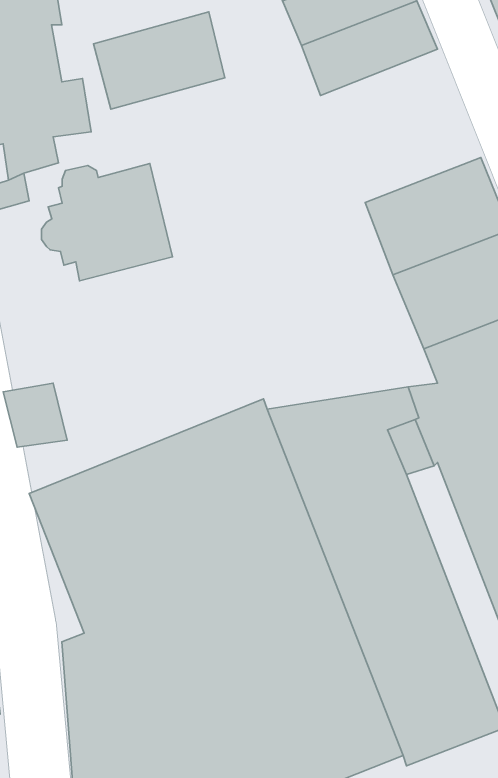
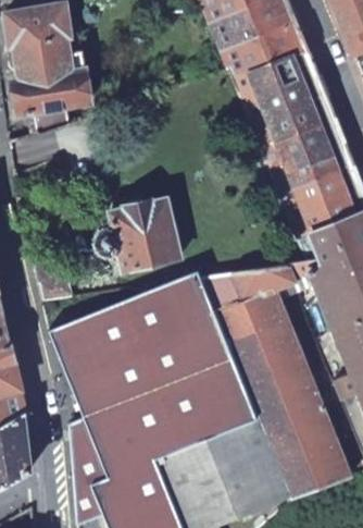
building: [94,12,225,109] -> none
building: none -> [235,49,336,146]
building: [41,164,172,281] -> [100,196,183,270]

